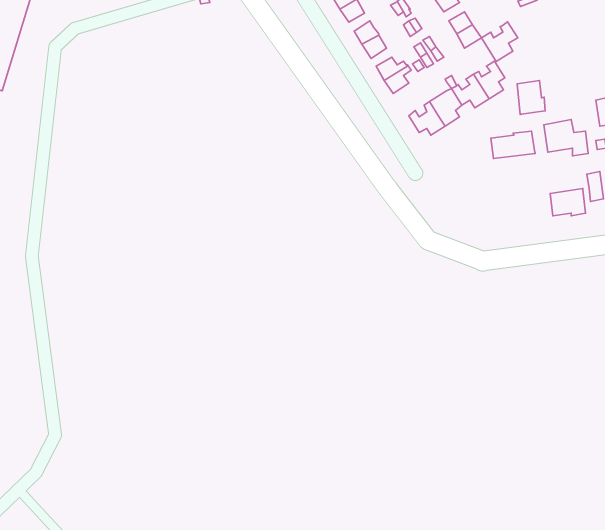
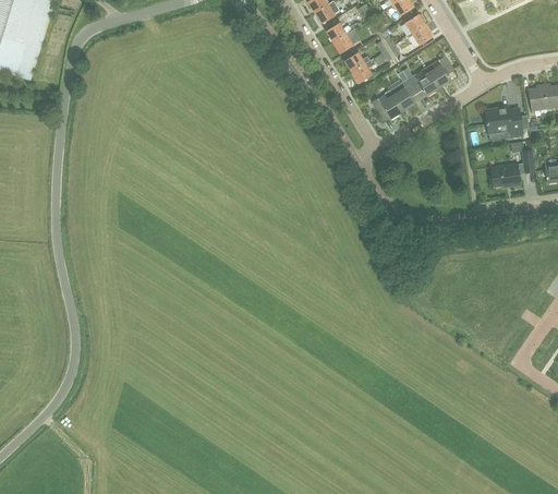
building: [481,22,518,61] -> none
building: [517,81,545,115] -> none
building: [491,131,535,158] -> none

